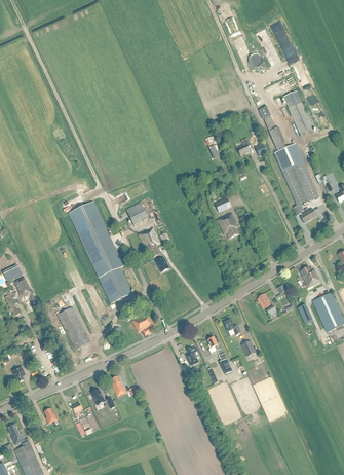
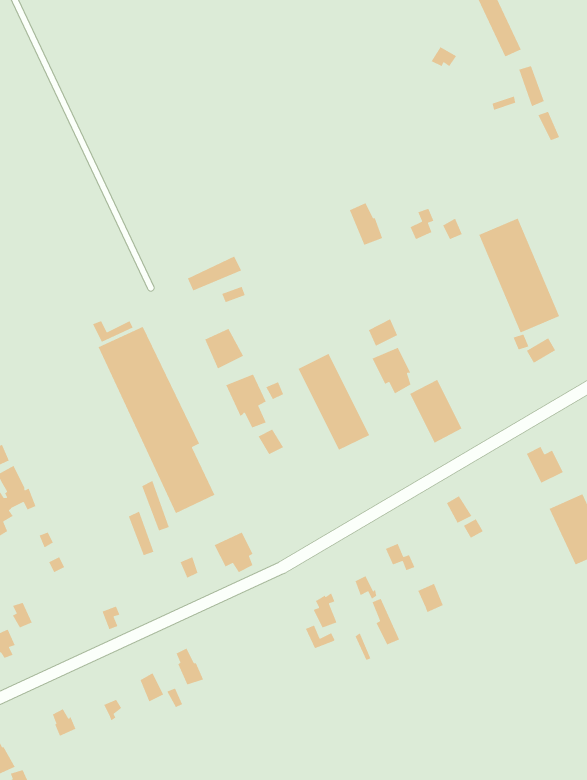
building: [283,90,315,134] -> none
building: none -> [297,353,370,451]
building: none -> [409,379,462,444]
building: [58,306,90,349] -> none

